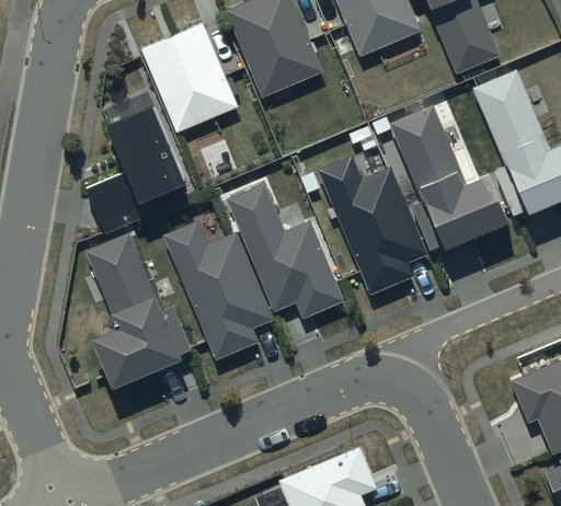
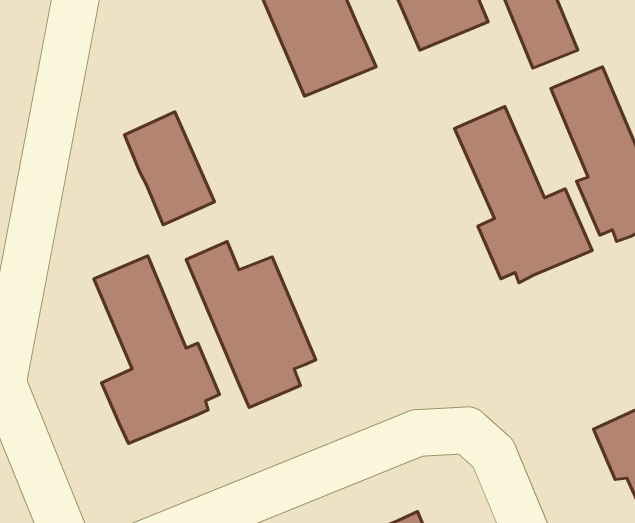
building: [142,25,238,133] -> none
building: [318,154,428,294] -> none
building: [84,171,147,233] -> none
building: [226,181,344,319] -> none

